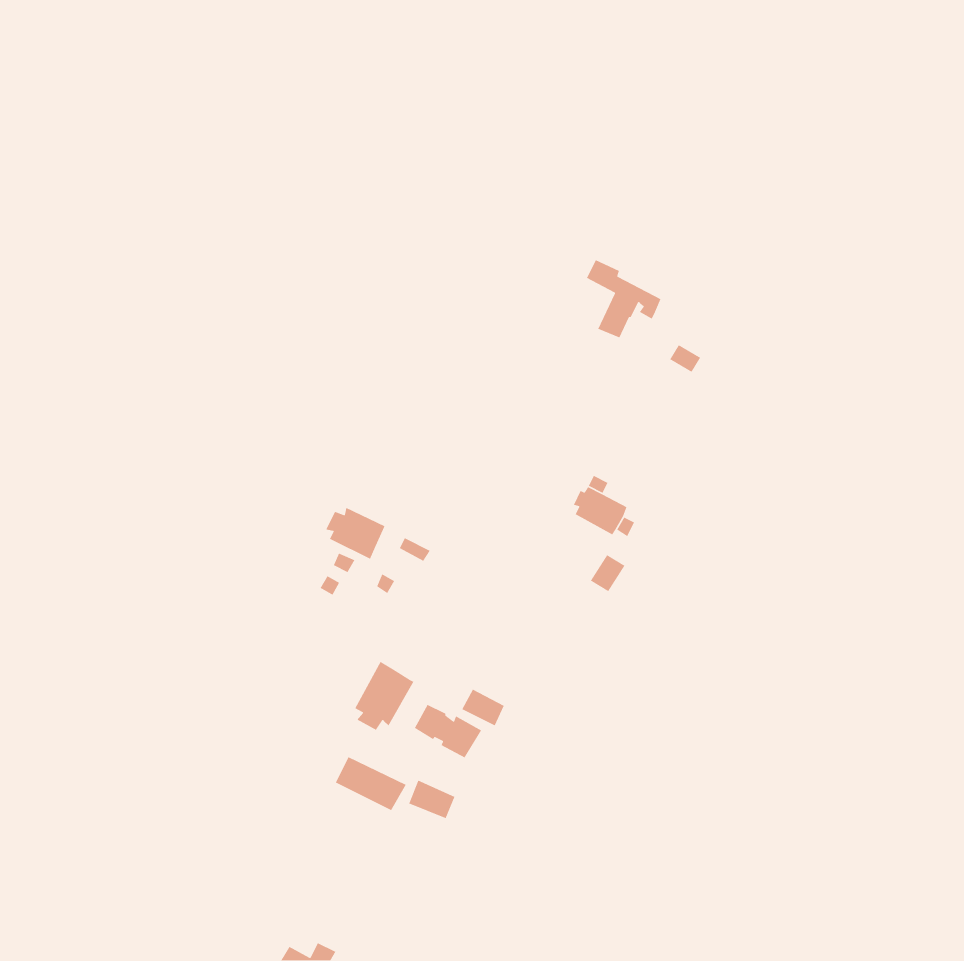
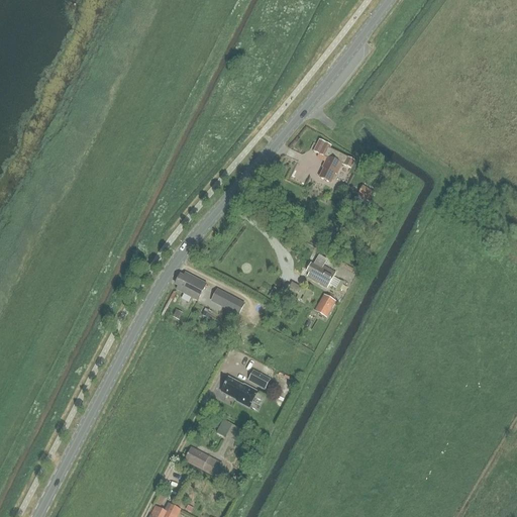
building: [354,661,415,731] -> none
building: [335,756,407,811] -> [184,445,222,475]

